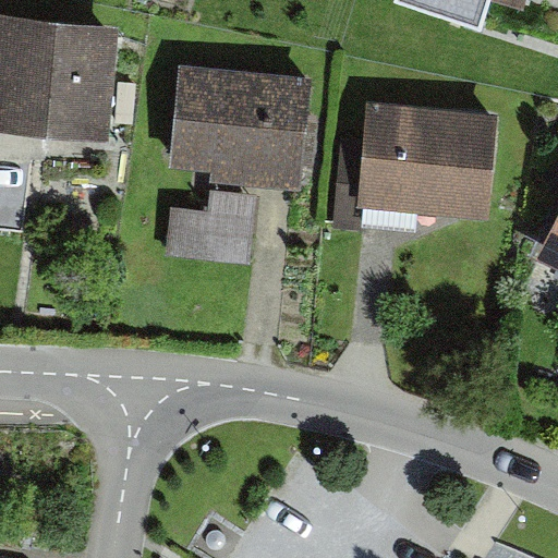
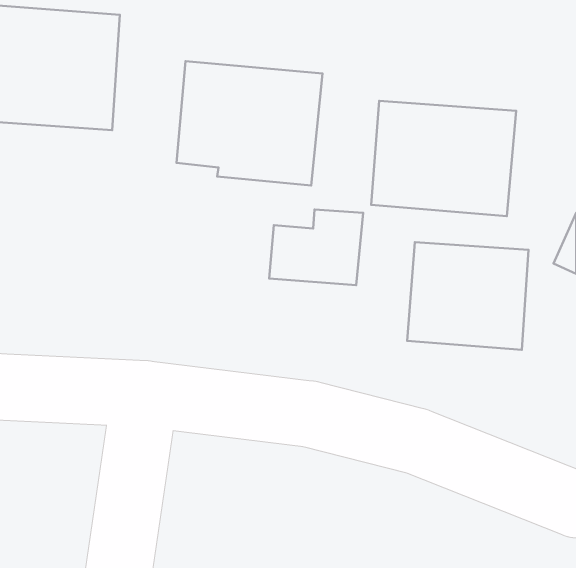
building: [166,196,256,269] -> [269,209,363,285]
building: none -> [407,242,529,350]

